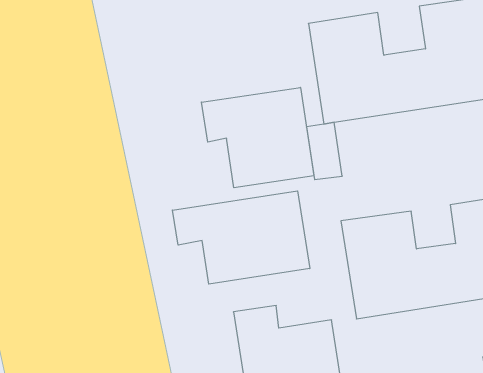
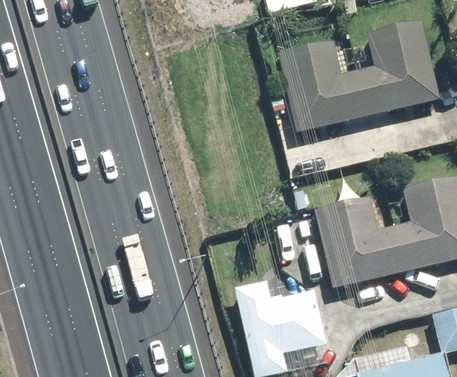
building: [201,87,314,188] -> none
building: [172,191,310,284] -> none

